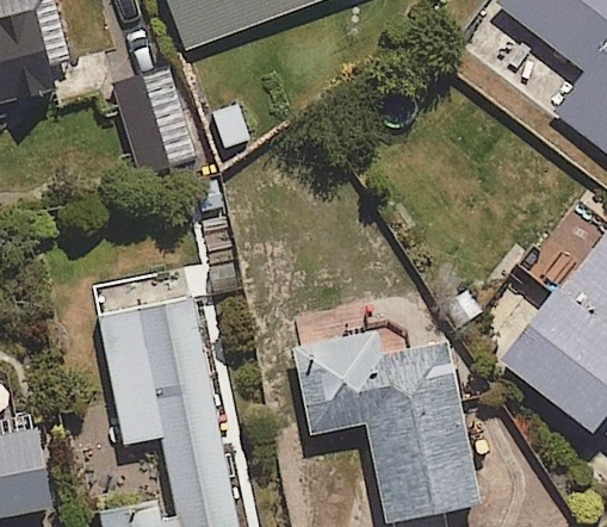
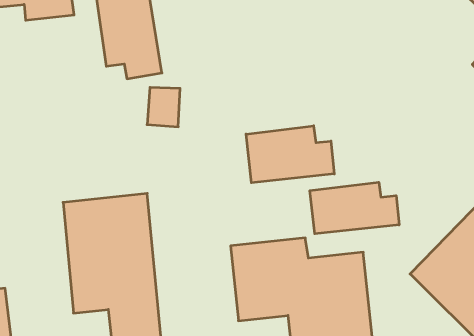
building: none -> [246,126,334,183]
building: none -> [310,182,399,234]

